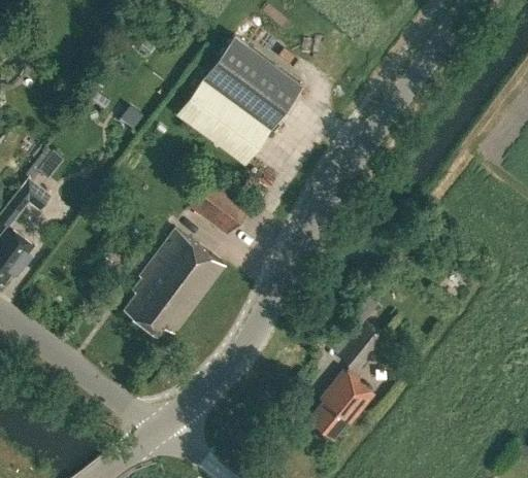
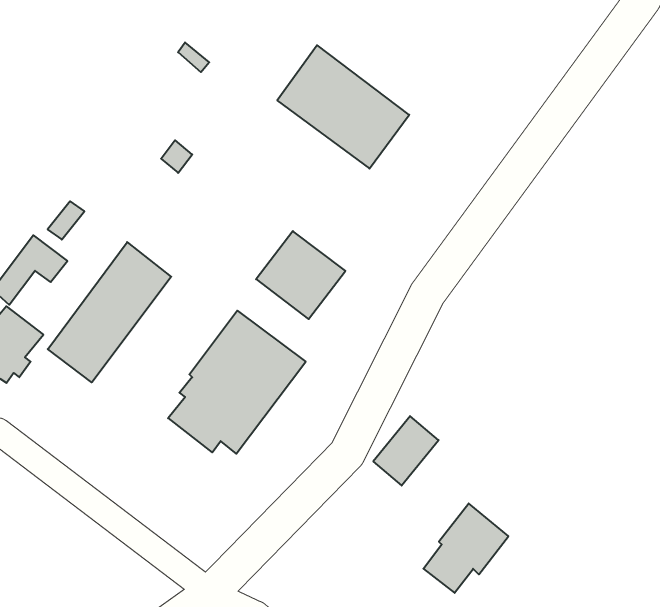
building: [176,78,270,164] -> none
building: none -> [48,242,171,382]
building: [338,325,386,375] -> [373,416,439,486]

